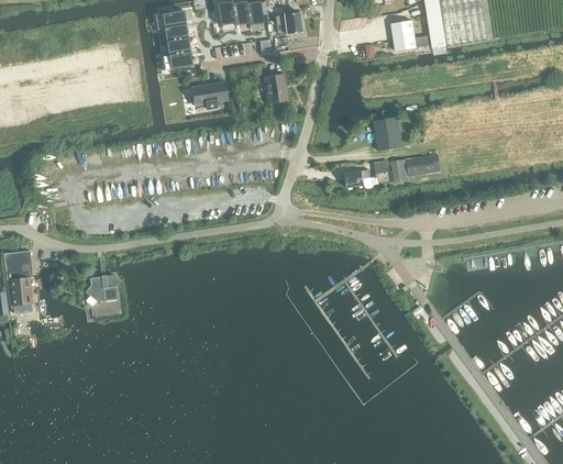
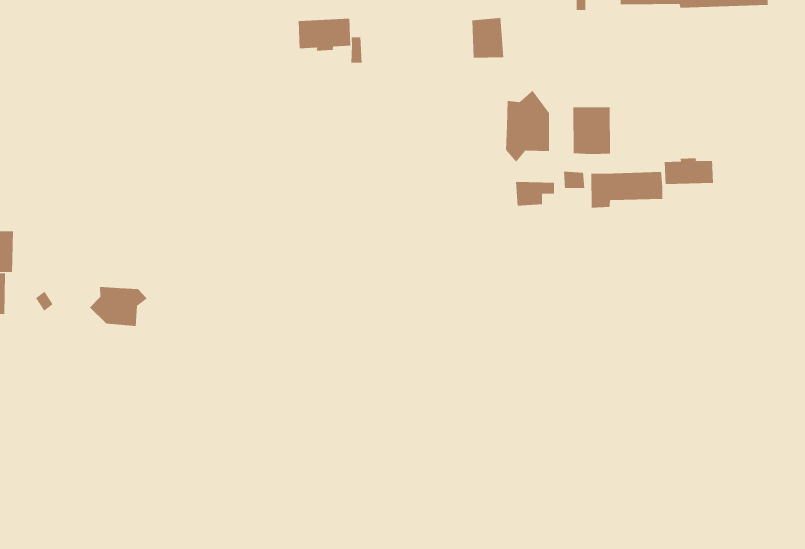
building: [264,74,288,102] -> [471,17,504,58]
building: none -> [506,90,550,163]
building: none -> [664,158,713,185]

